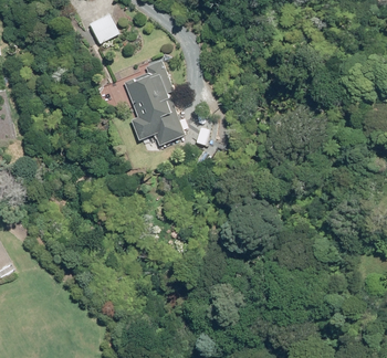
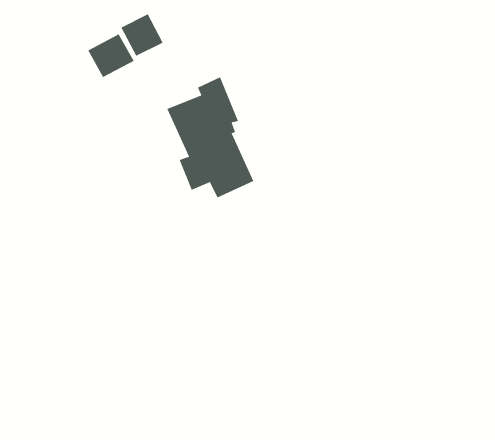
building: none -> [87,33,134,78]

